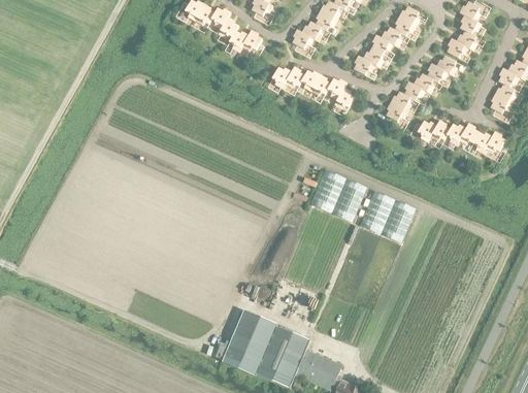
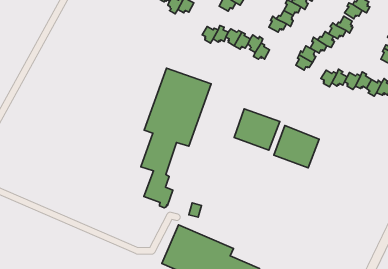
building: none -> [141,68,211,208]

